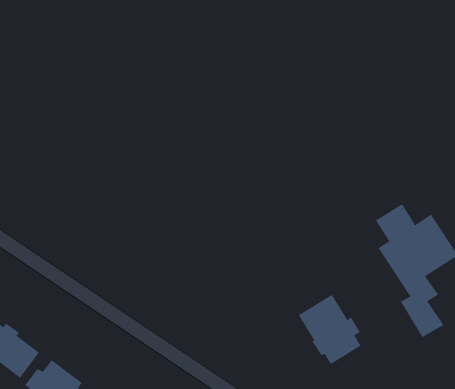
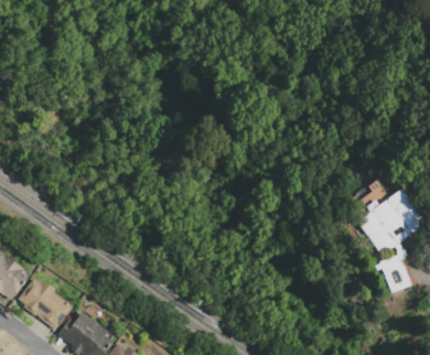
building: [298,294,362,365] -> none

